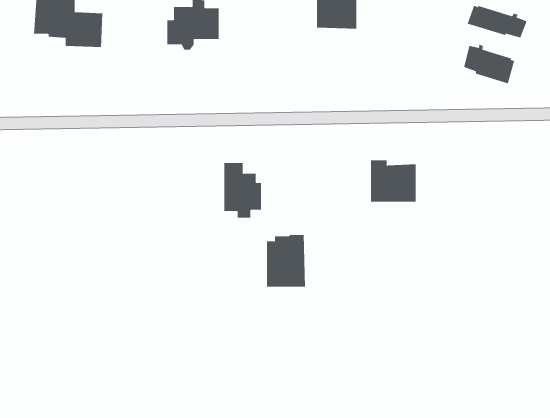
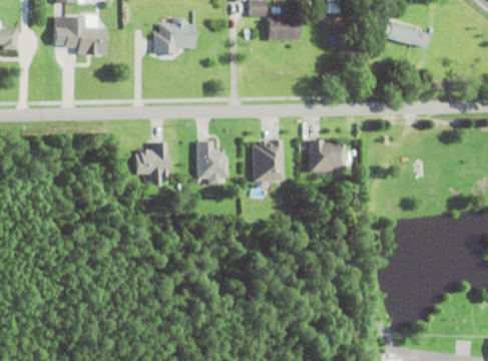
building: [463,44,515,84] -> none
building: none -> [135,142,167,176]
building: [266,234,306,287] -> [253,140,283,180]

